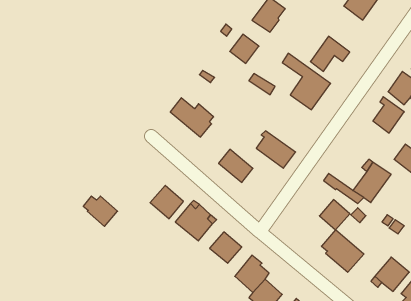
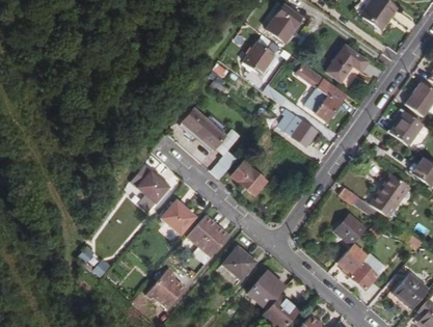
building: [256,131,296,168] -> [277,109,318,147]
building: [83,196,118,226] -> [133,171,168,202]
building: none -> [146,269,185,308]

